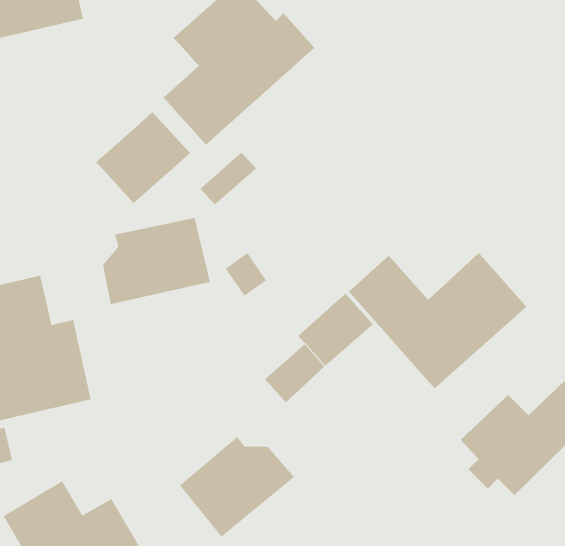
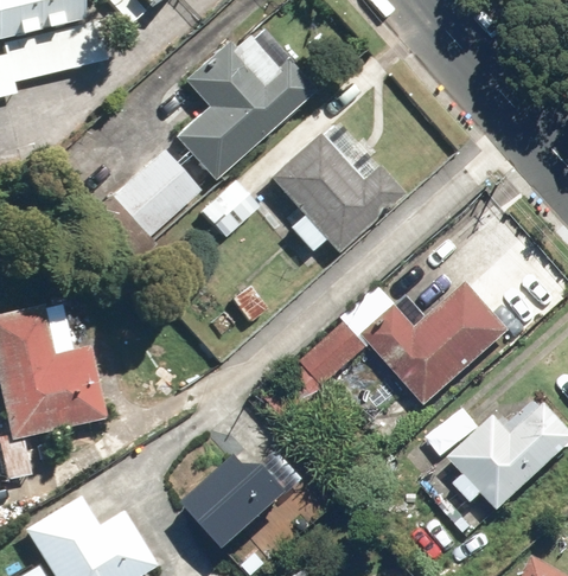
building: none -> [268,115,406,254]
building: [103,217,210,305] -> none

